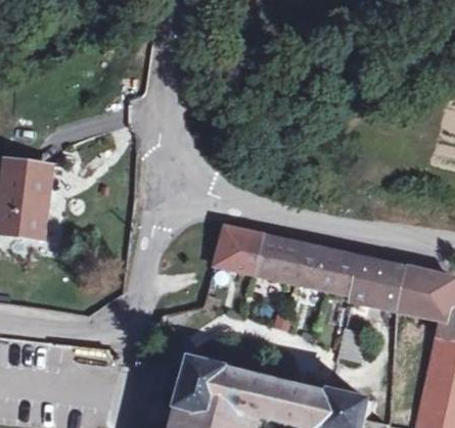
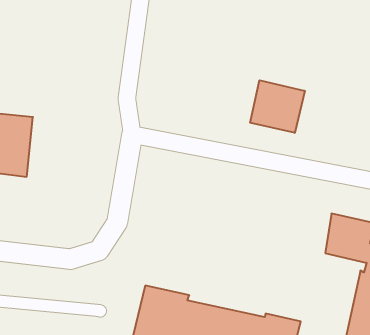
building: none -> [250,80,305,133]
building: [212,228,402,315] -> none

